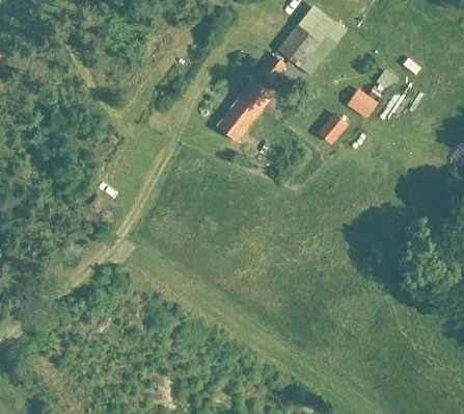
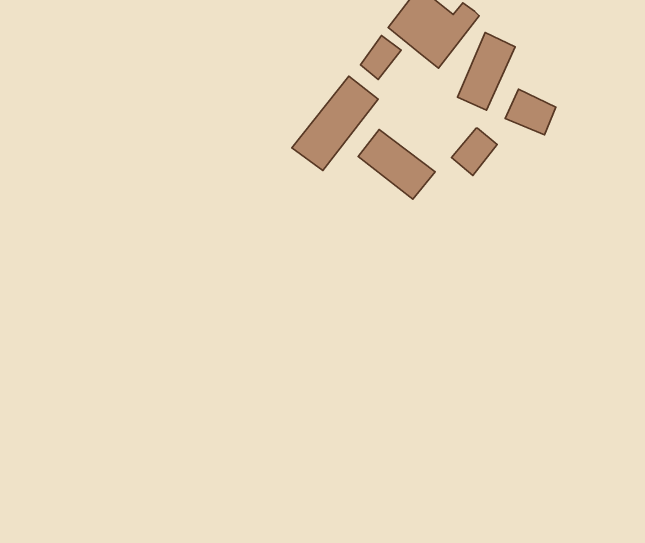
building: none -> [457,33,515,110]
building: none -> [358,130,435,199]

